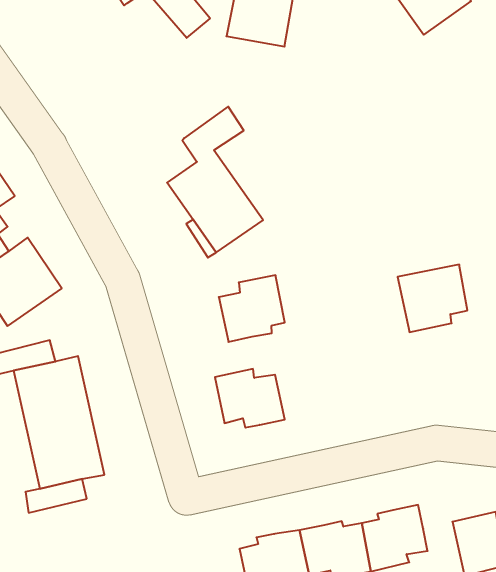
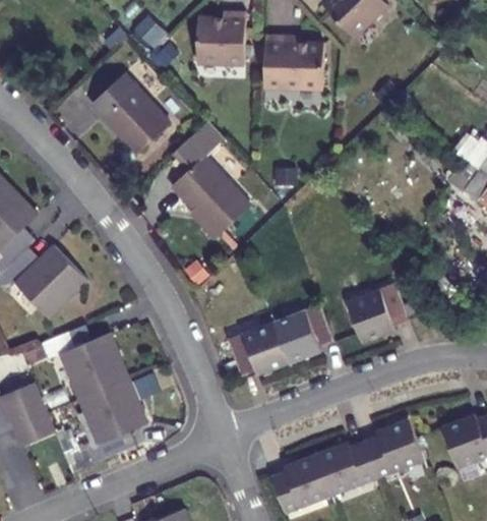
building: none -> [263,36,323,90]
building: none -> [87,72,166,153]
building: [398,265,467,332] -> [348,282,408,342]
building: [219,275,285,342] -> [276,304,331,363]

